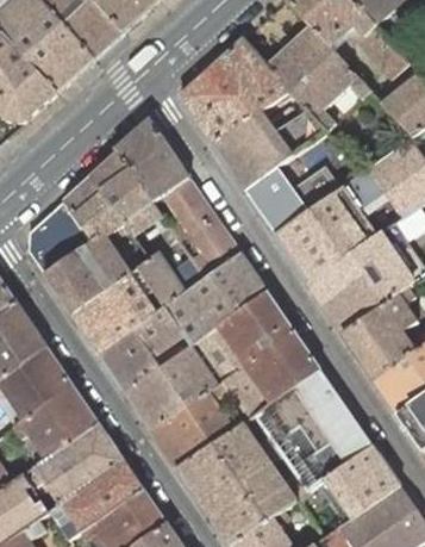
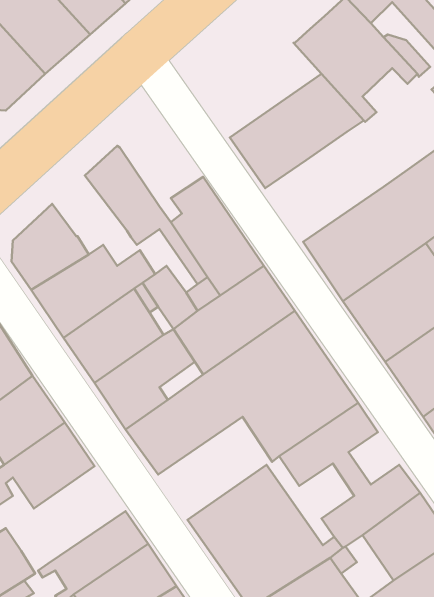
building: [180,38,289,144] -> none
building: [114,117,189,216] -> none
building: [242,163,340,232] -> none
building: [62,176,129,243] -> none
building: [151,380,248,467] -> none
building: [23,422,124,504] -> none

